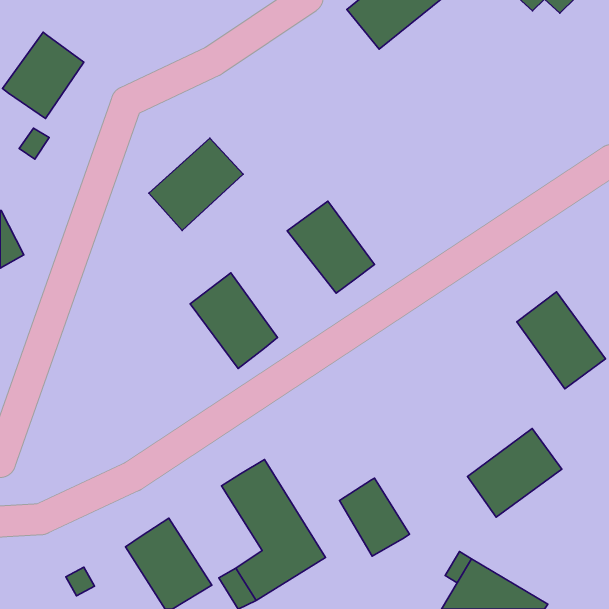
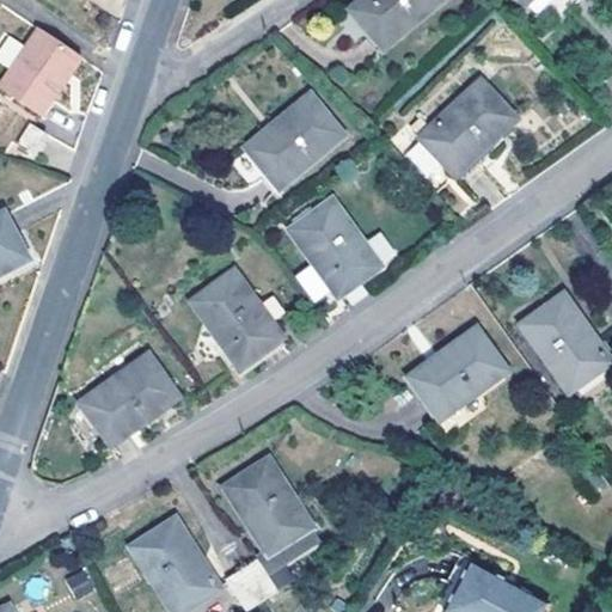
building: none -> [420,84,513,175]
building: [149,138,243,230] -> [244,97,338,189]
building: none -> [80,351,178,441]
building: [467,428,562,517] -> [408,328,502,416]
building: [339,478,409,556] -> none

